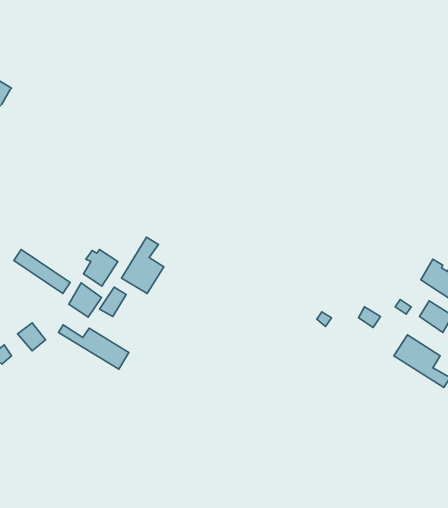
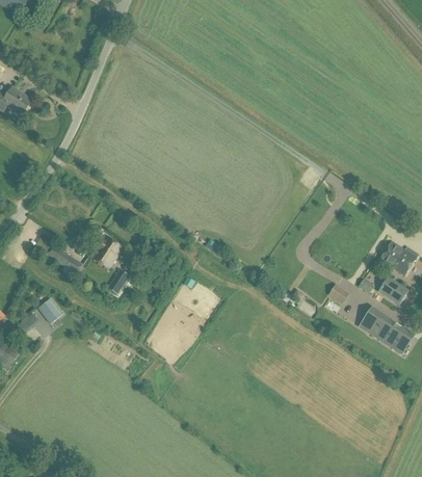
building: [121,237,164,294] -> none
building: [69,283,101,317] -> none
building: [58,325,129,369] -> none

